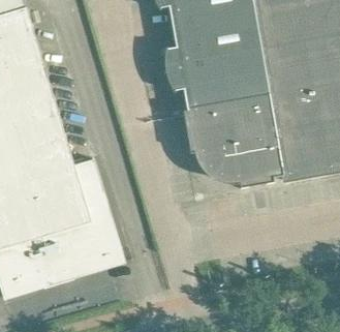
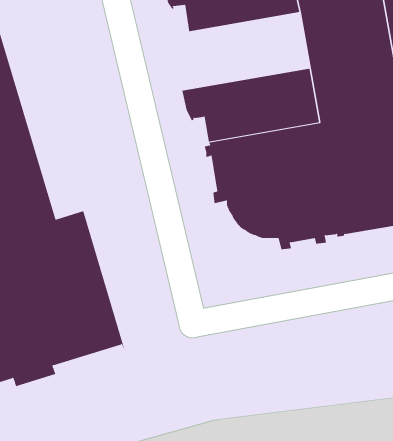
building: [164,13,261,71] -> none

